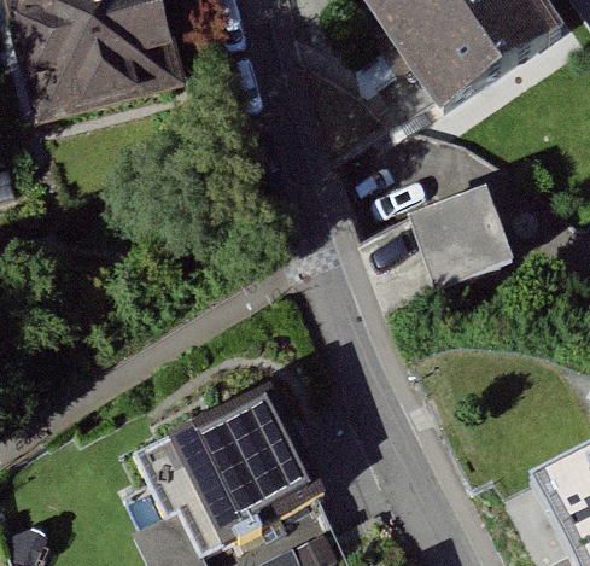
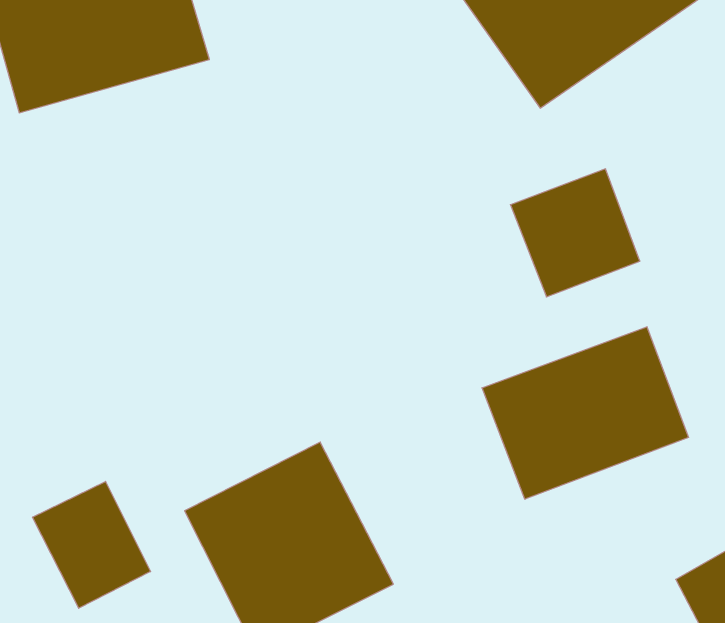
building: none -> [482,327,689,499]
building: none -> [33,481,151,608]

